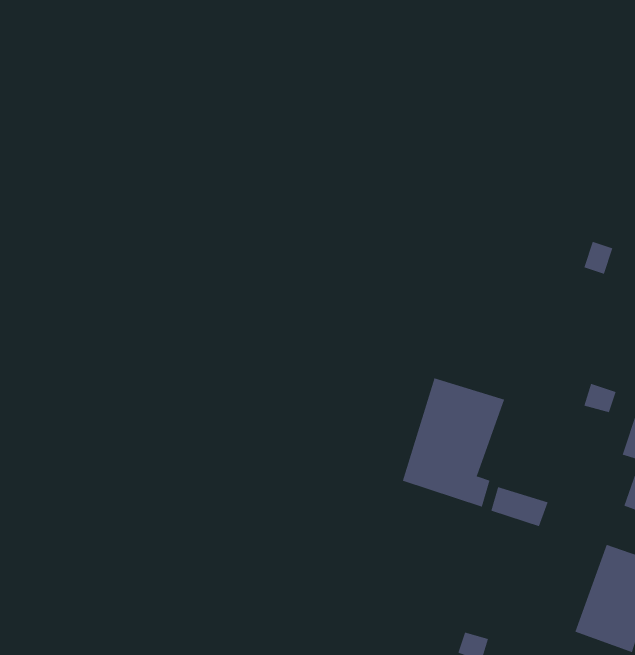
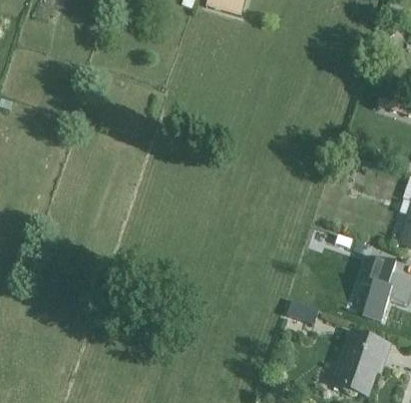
building: [402,377,505,507] -> none

